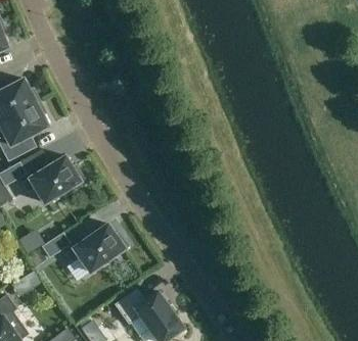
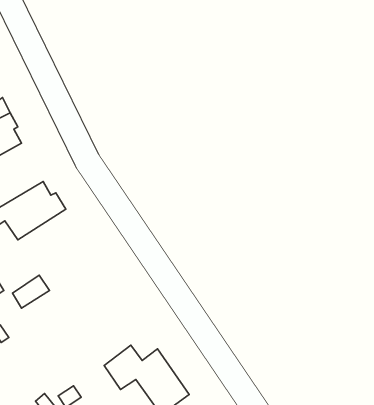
building: [65,224,128,272] -> none

